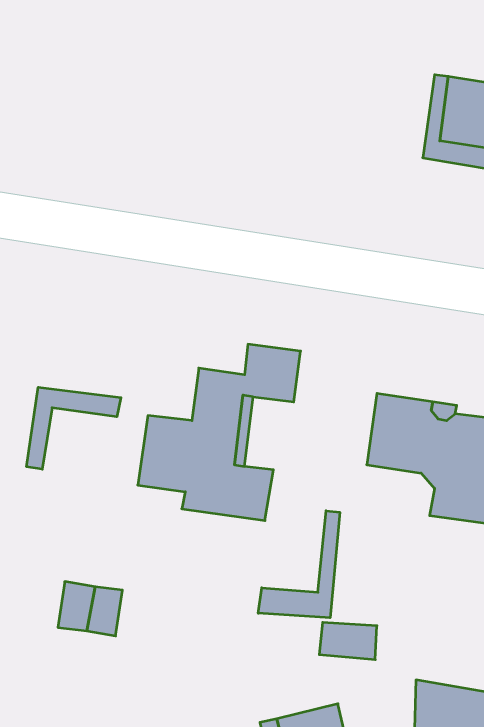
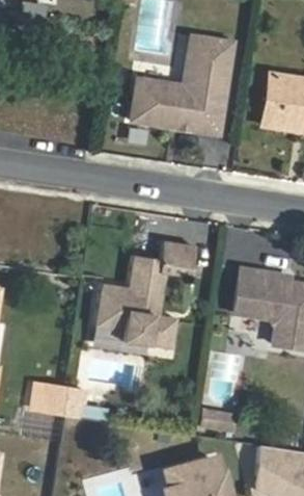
building: none -> [133,34,233,131]
building: [27,387,121,469] -> none
building: [258,511,340,618] -> none

